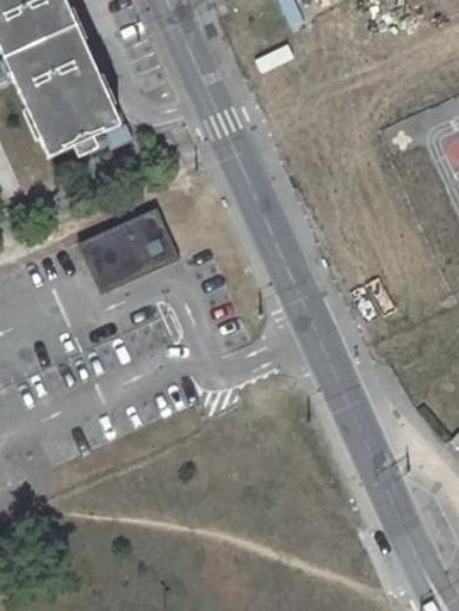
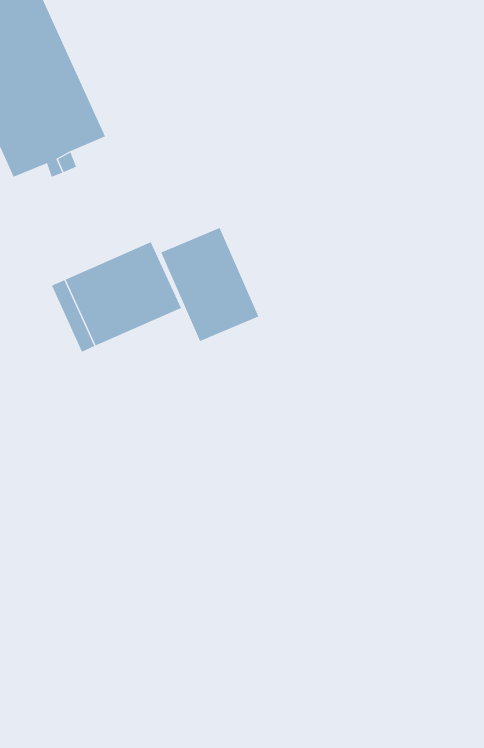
building: none -> [160,227,259,342]

